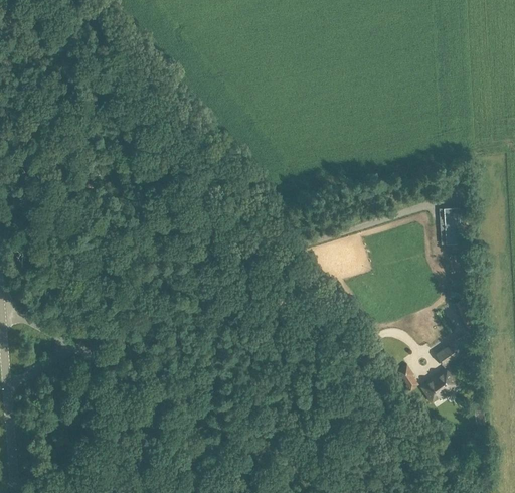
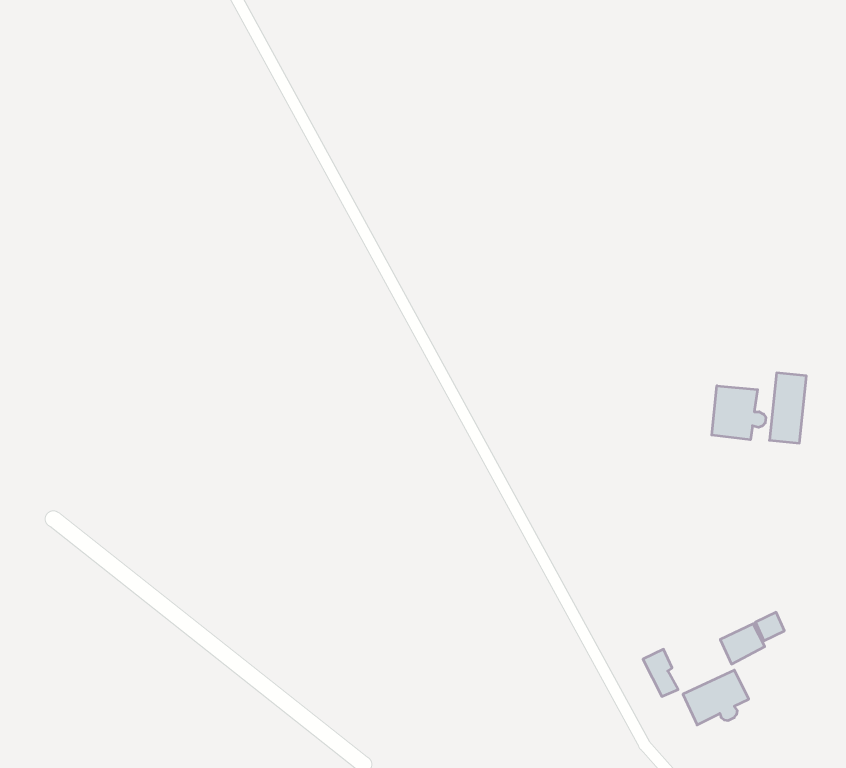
building: none -> [712,386,766,440]

